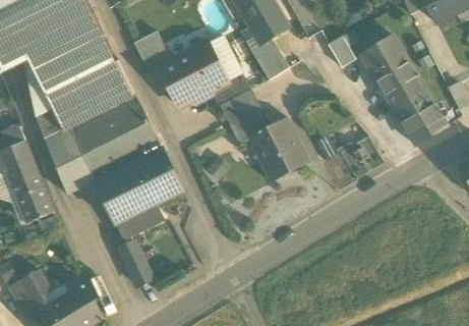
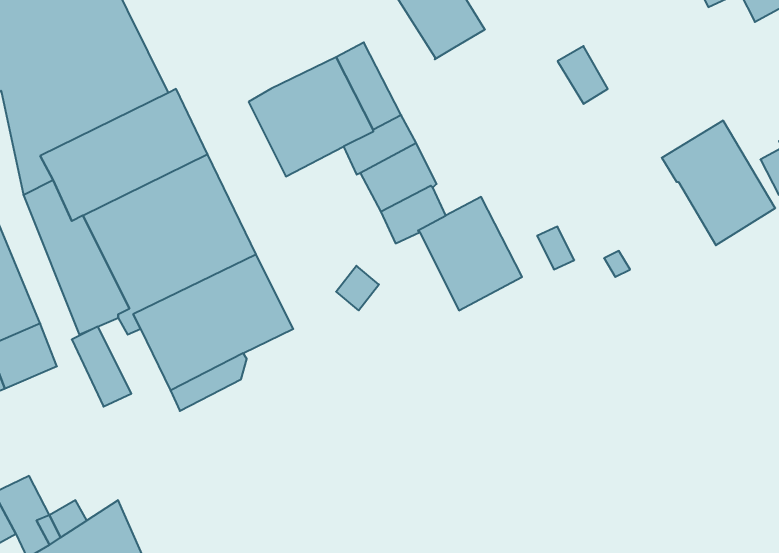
building: [133,30,171,70] -> none
building: [359,34,418,96] -> none
building: [249,36,289,78] -> none
building: [119,240,152,284] -> [72,327,131,407]

